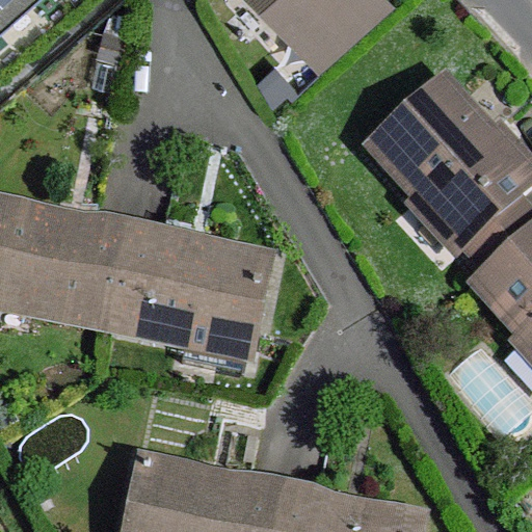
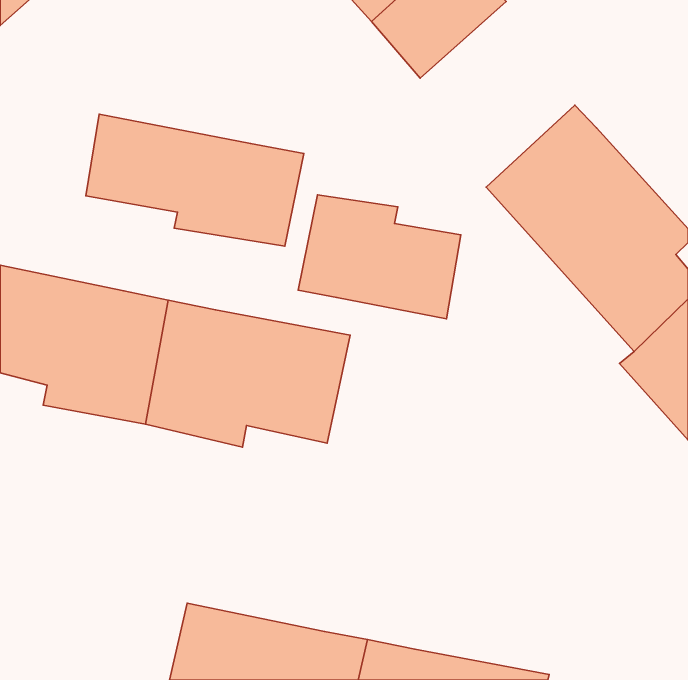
building: none -> [86,114,304,246]
building: none -> [298,195,461,319]

